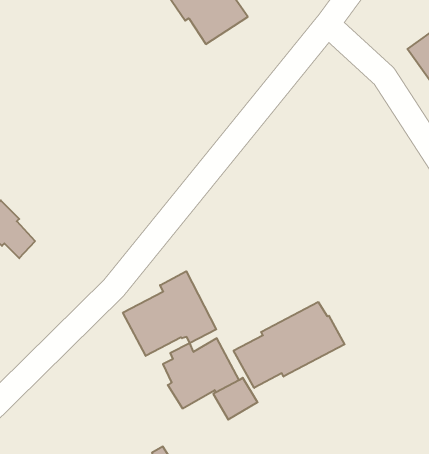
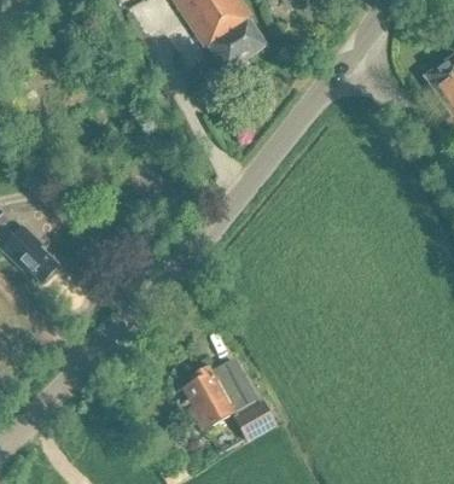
building: [123,271,216,356] -> none
building: [234,302,345,388] -> none

